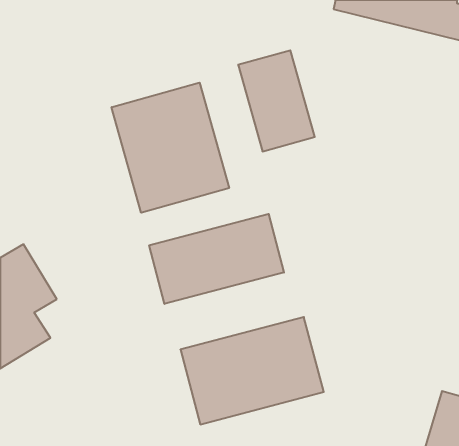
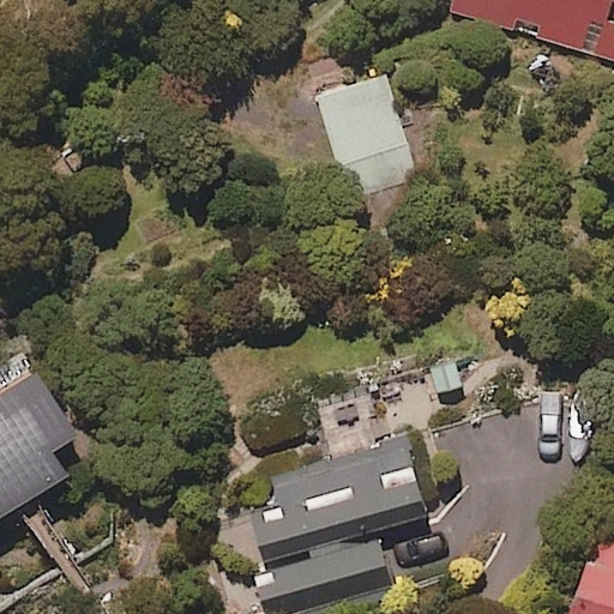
building: [112,83,229,213] -> none
building: [149,214,284,304] -> none

